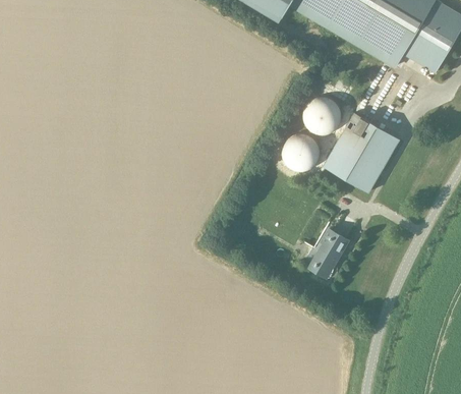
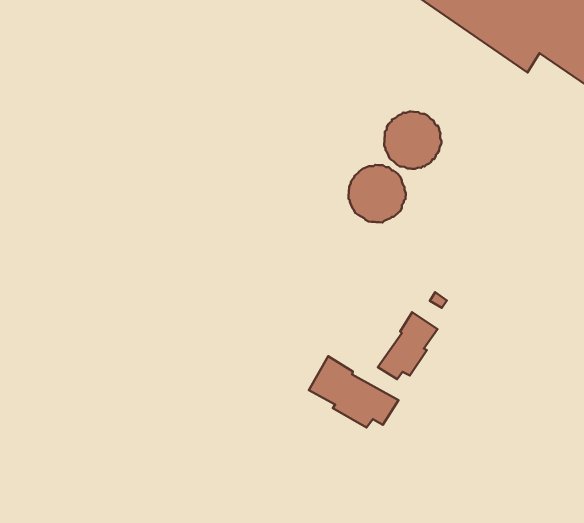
building: [322,113,398,191] -> none
building: none -> [309,356,398,427]

